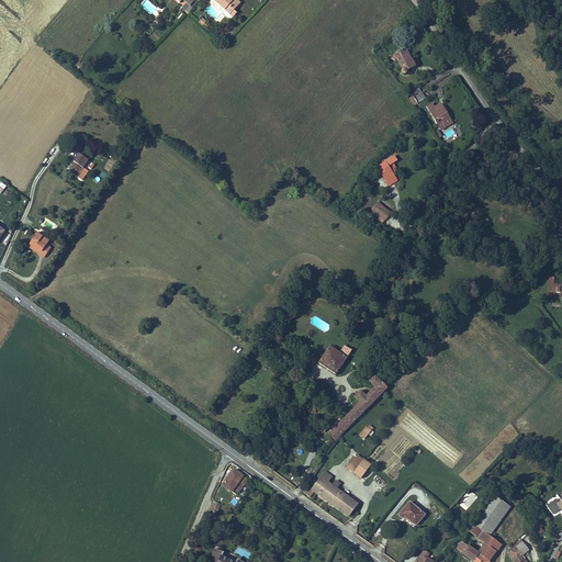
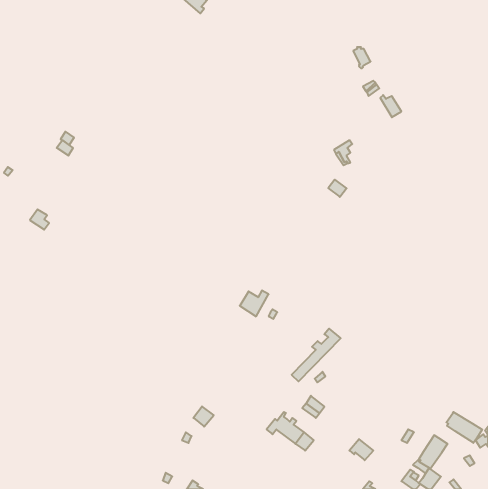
building: [317,342,350,372] -> [240,290,269,316]
building: none -> [446,412,482,443]

